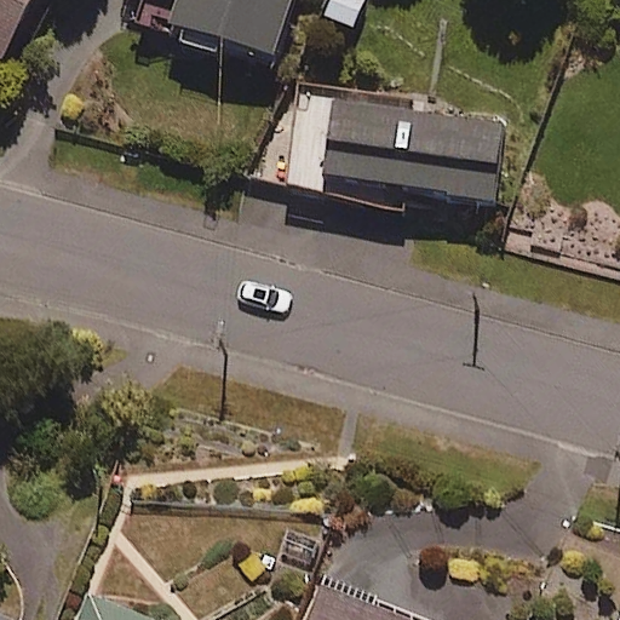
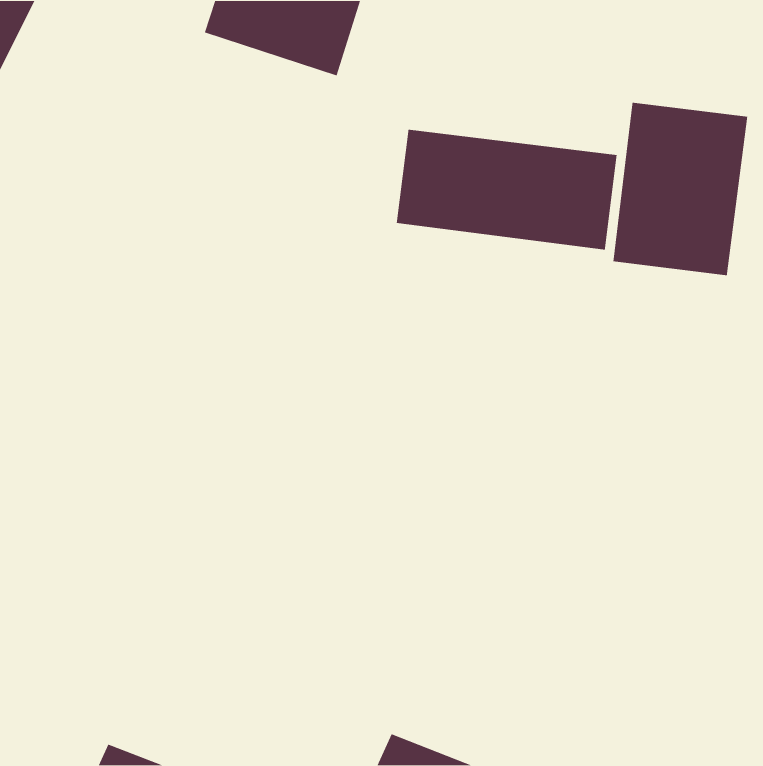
building: none -> [613,102,748,276]

